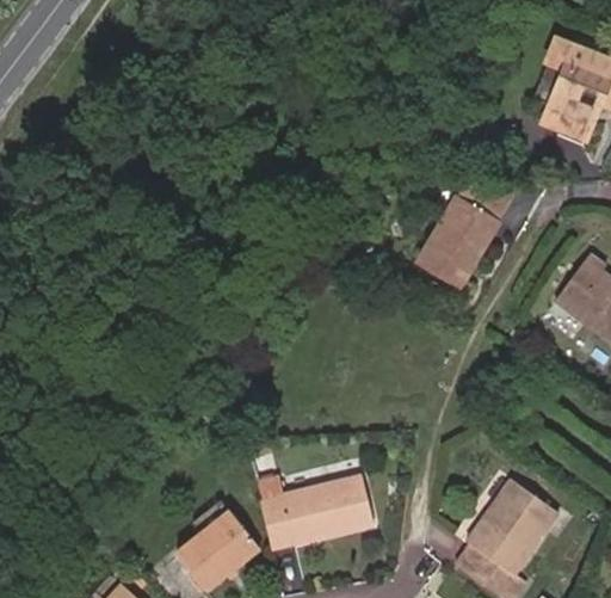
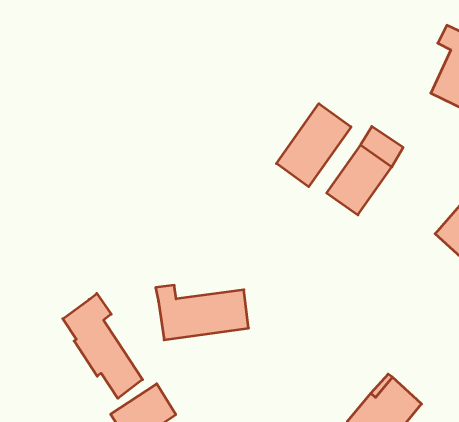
building: none -> [276,104,351,187]
building: none -> [63,293,143,398]
building: [254,476,372,545] -> [156,285,249,340]

